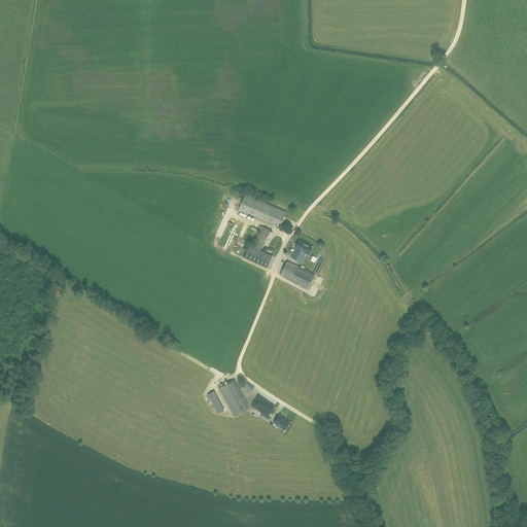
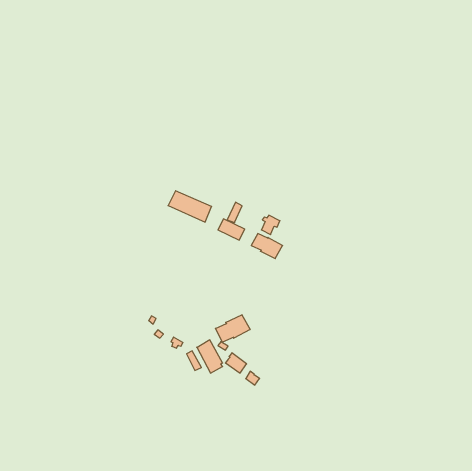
building: [238,194,286,229] -> [168,191,212,222]
building: none -> [215,315,250,342]

